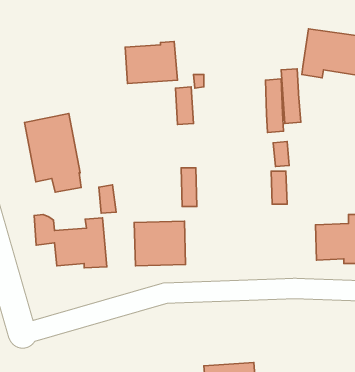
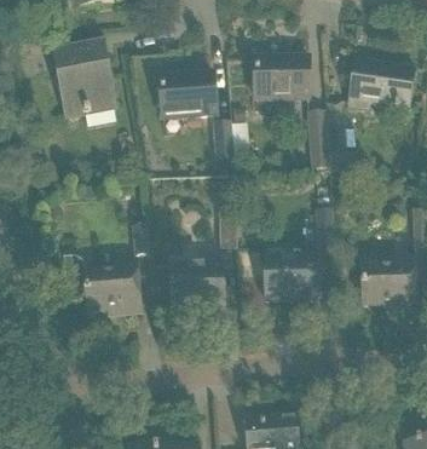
building: none -> [254,56,307,97]
building: [24,114,81,192] -> [54,42,115,126]
building: none -> [264,254,319,311]

